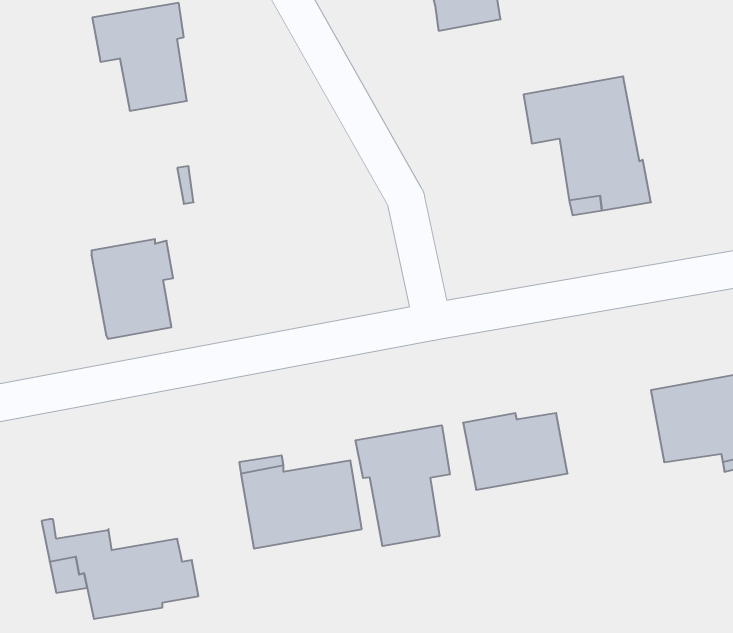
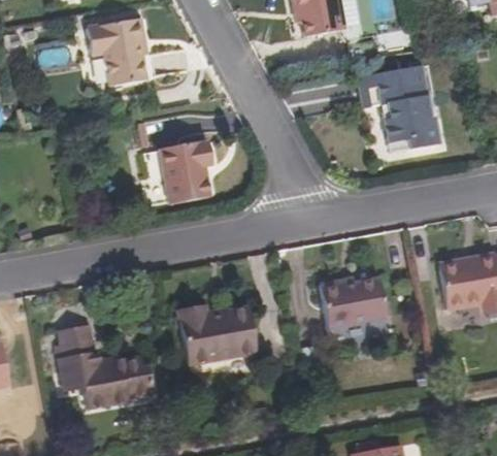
building: [91,239,173,339] -> [161,140,212,203]
building: [356,425,450,546] -> none
building: none -> [58,324,96,357]

